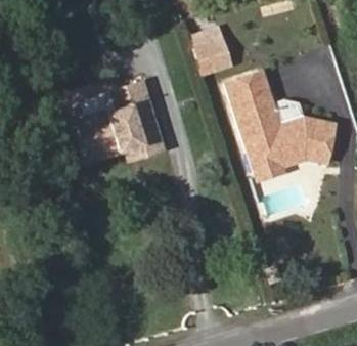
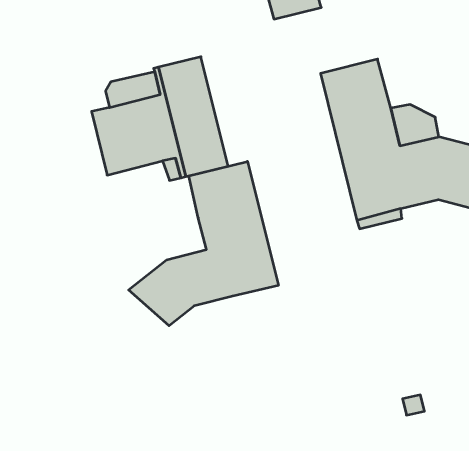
building: [194,42,231,76] -> none
building: none -> [129,161,278,326]

